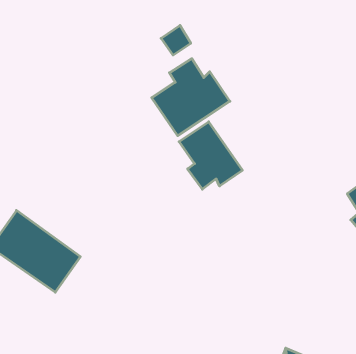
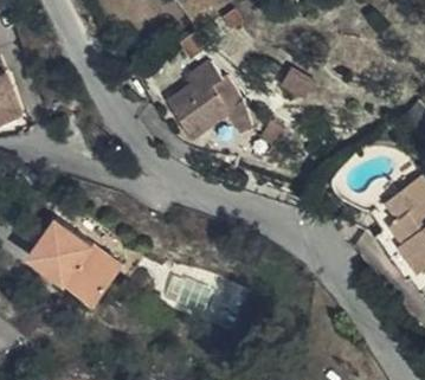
building: [179,122,242,189] -> none

